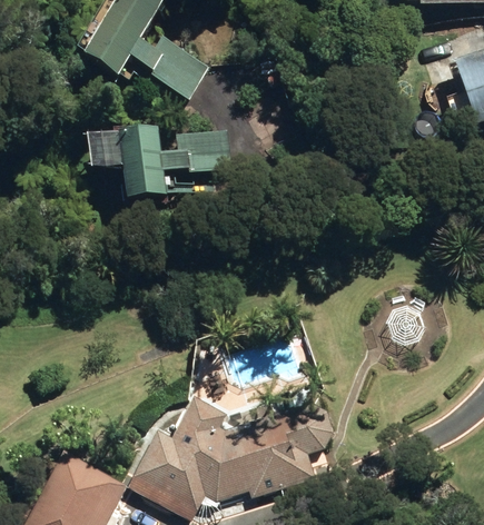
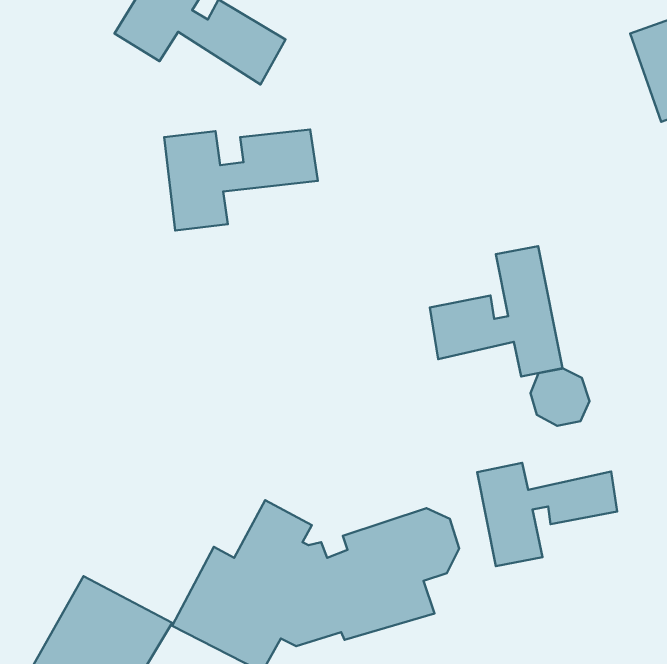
building: none -> [430,246,562,377]
building: none -> [477,463,617,566]

